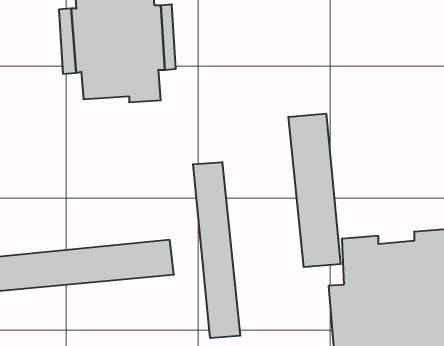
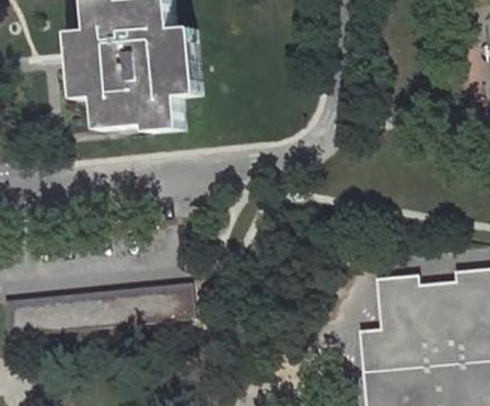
building: [288,114,340,267] -> none
building: [193,162,240,338] -> none

